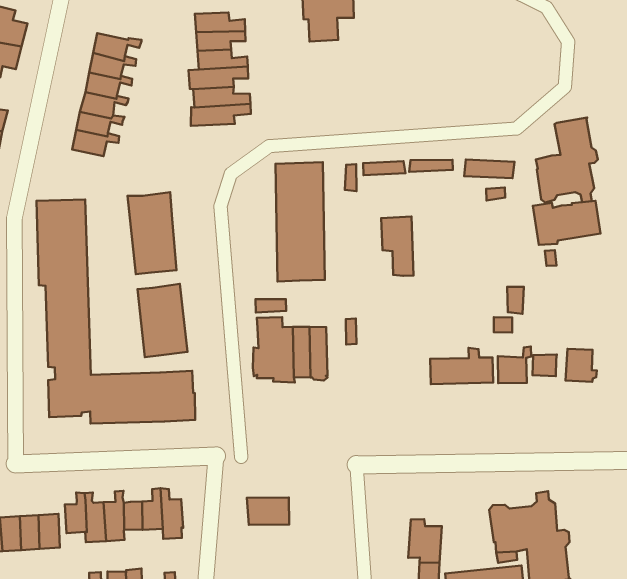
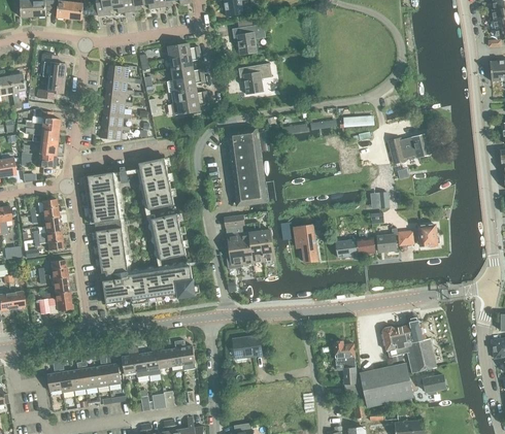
building: none -> [238,63,271,95]
building: [536,117,598,202] -> none
building: [381,216,413,276] -> [293,225,316,262]

